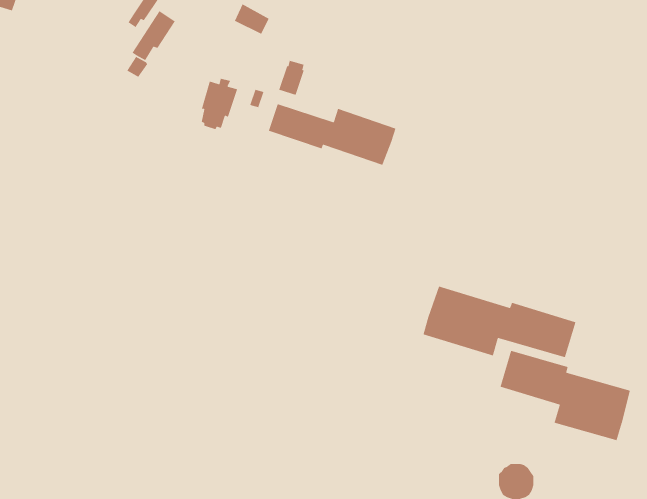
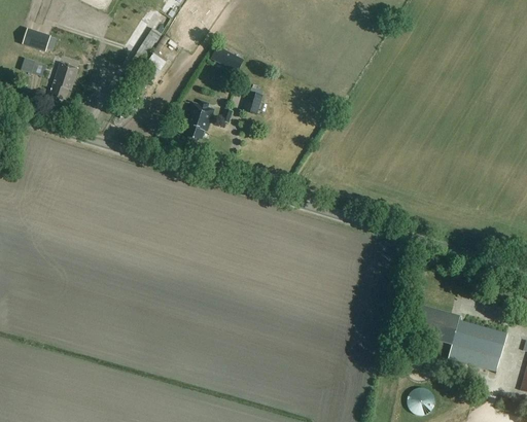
building: none -> [50,61,78,98]
building: [268,103,397,166] -> none
building: [422,285,576,358] -> none

